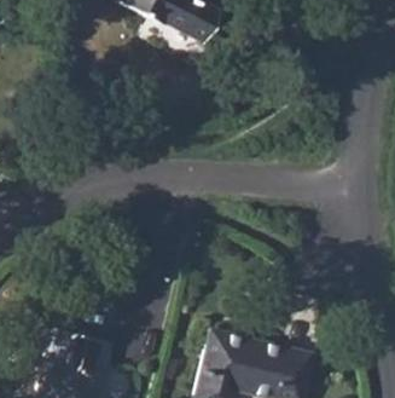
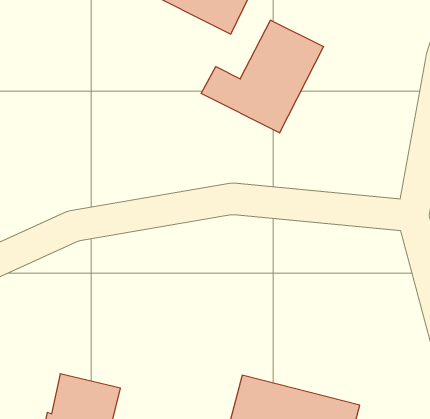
building: none -> [201,20,324,133]

